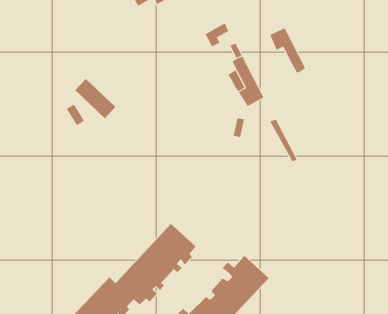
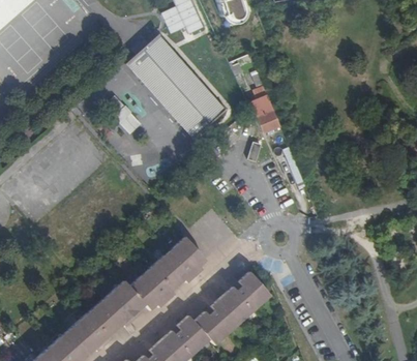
building: none -> [126,35,227,141]
building: [270,27,306,73] -> none

